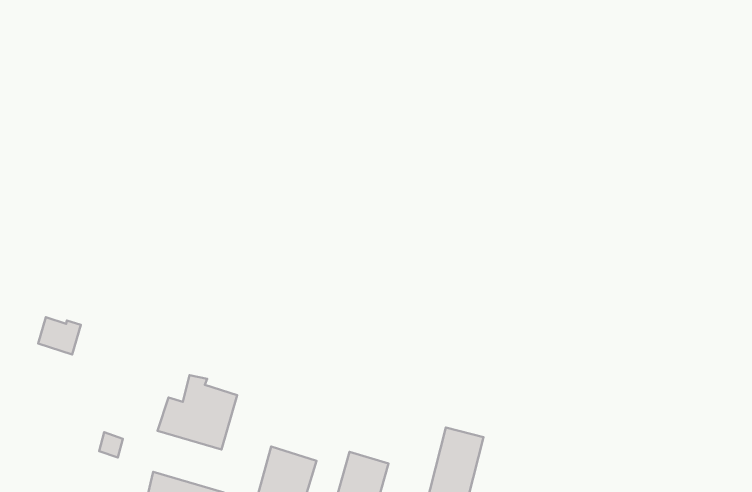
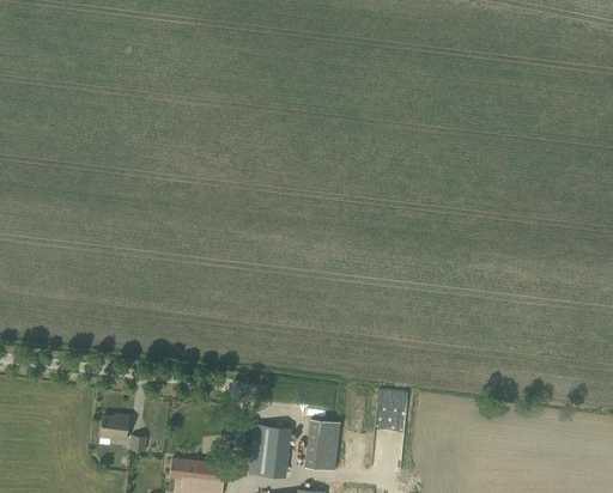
building: [38,317,81,355] -> [99,416,128,440]
building: [157,375,237,449] -> none

